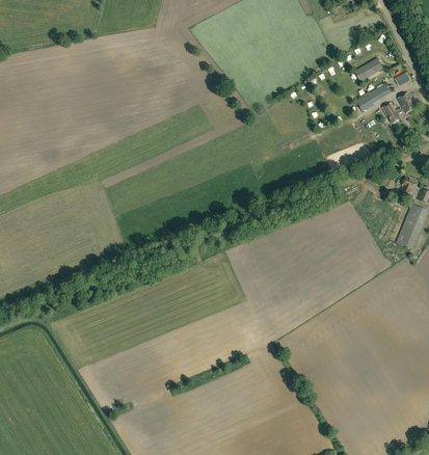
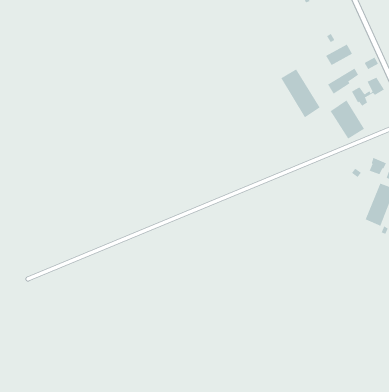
building: none -> [280,68,320,118]
building: none -> [330,100,365,139]

